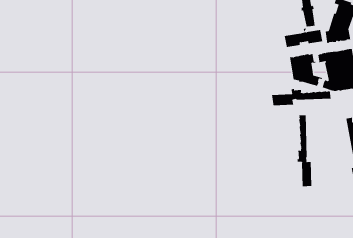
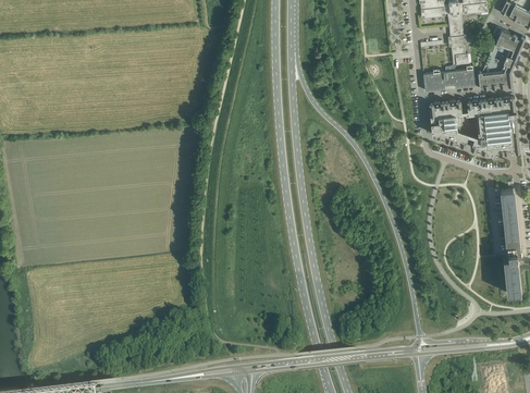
building: [272,88,331,106] -> none
building: [297,114,312,187] -> none

